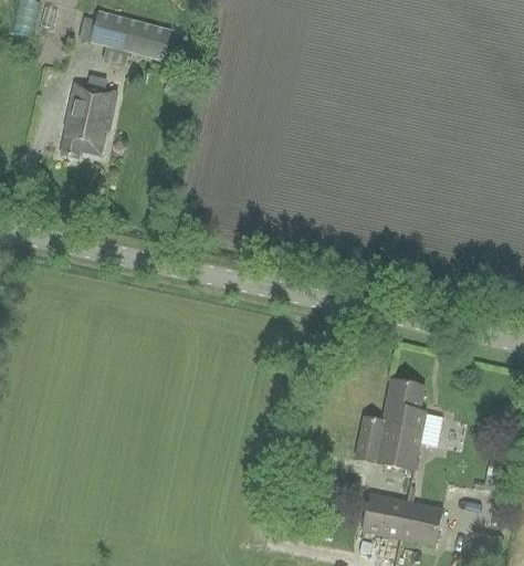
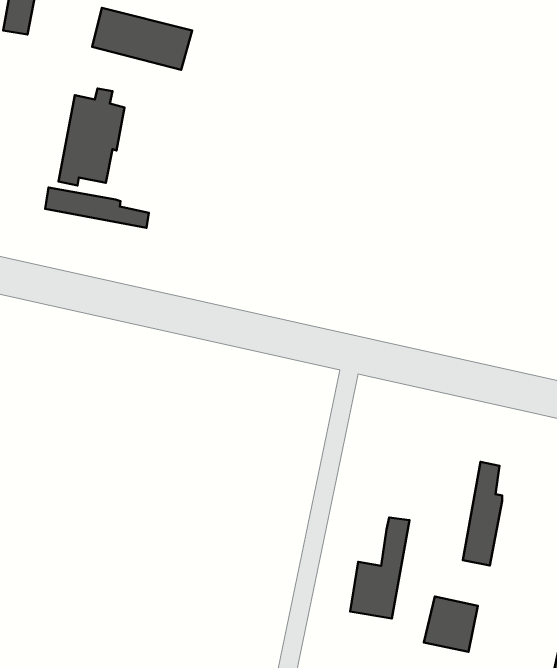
building: none -> [45,187,149,228]
building: [358,380,407,463] -> [350,517,409,618]
building: [397,501,441,546] -> none

